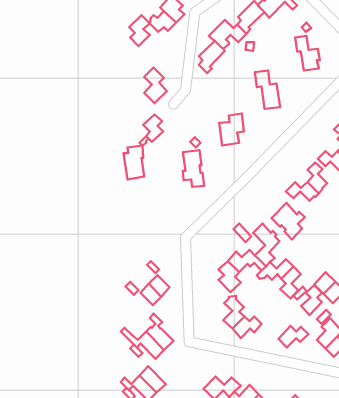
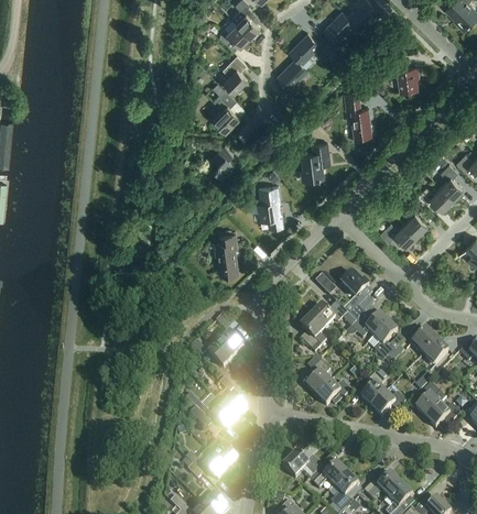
building: [129,15,150,46] -> [224,55,248,91]
building: [124,146,144,179] -> [215,233,239,273]
building: [272,203,305,239] -> none
building: [301,285,322,315] -> [361,372,386,407]

